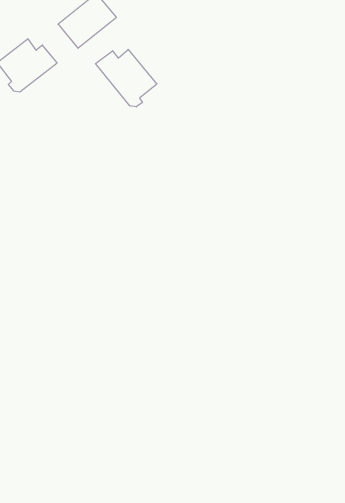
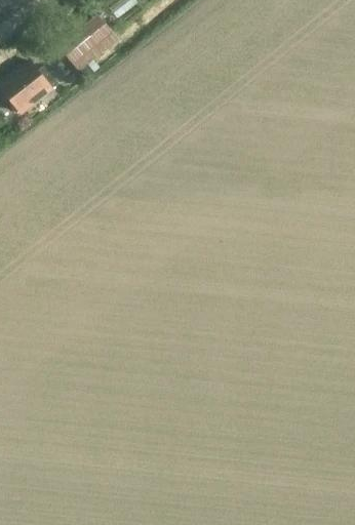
building: [96,49,157,107] -> none

